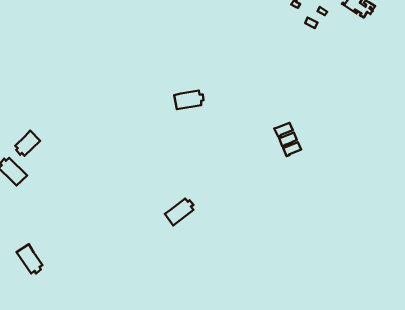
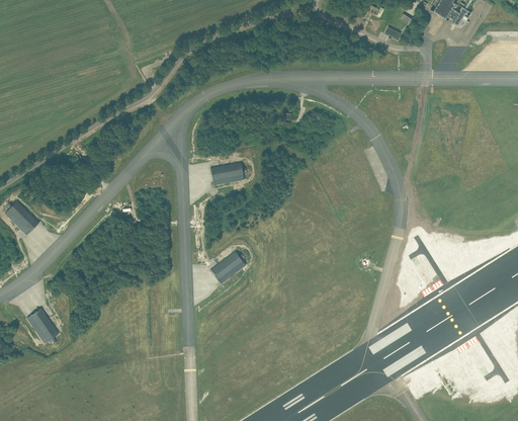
building: [174,90,204,109] -> [210,161,247,184]
building: [15,131,40,156] -> none

